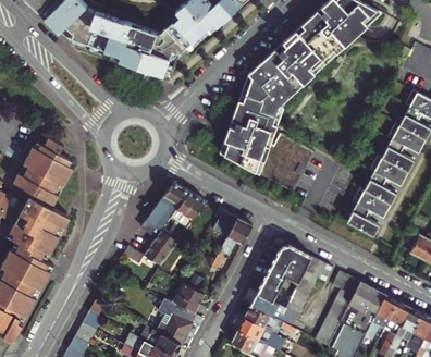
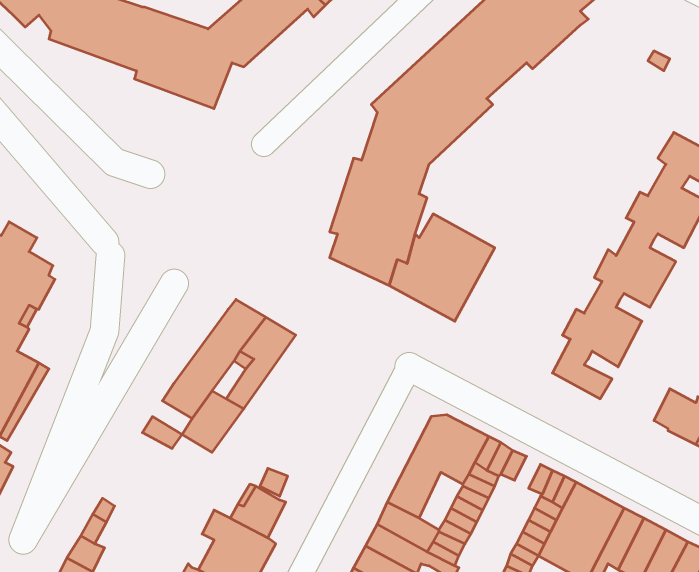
building: [210,218,251,272] -> none

